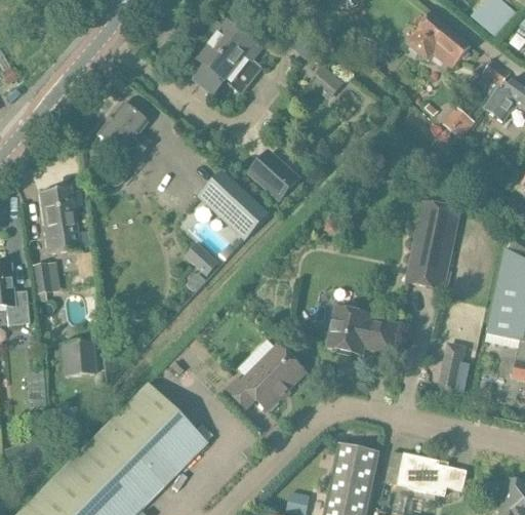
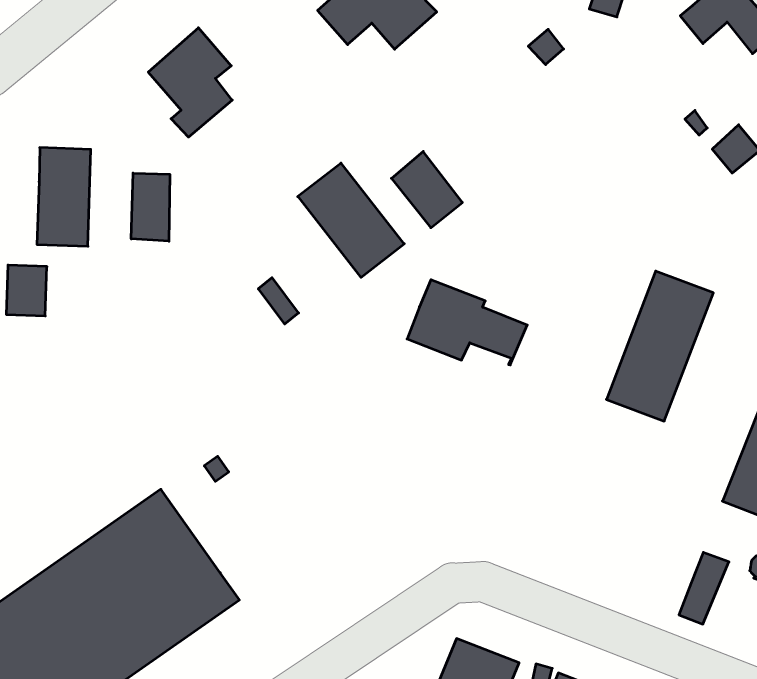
building: none -> [131,173,170,241]
building: [327,309,398,354] -> [407,280,527,365]
building: [62,340,95,375] -> none
building: [227,344,305,409] -> none
building: [439,345,463,388] -> [679,552,729,624]

